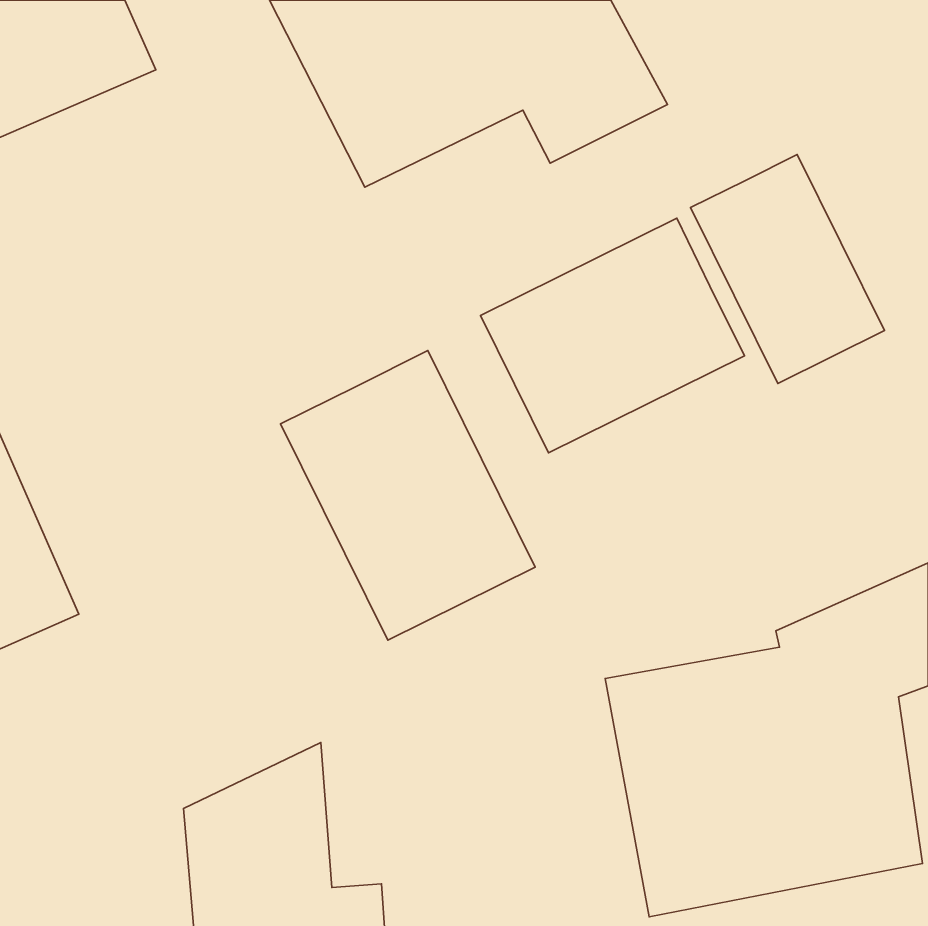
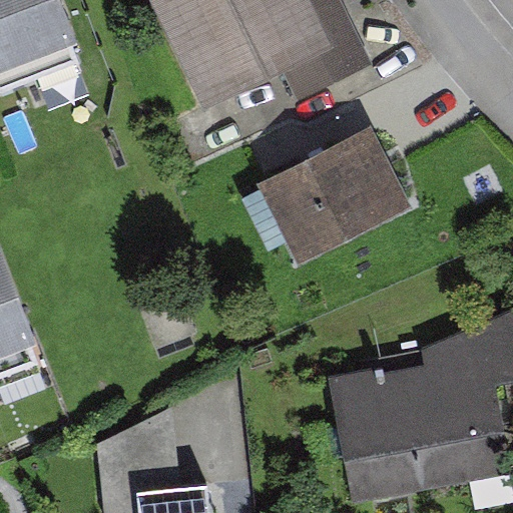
building: [691,154,884,384] -> none
building: [281,350,535,640] -> none

